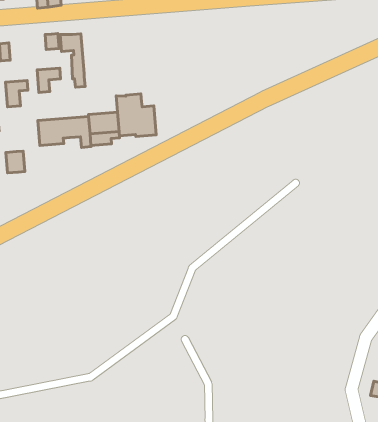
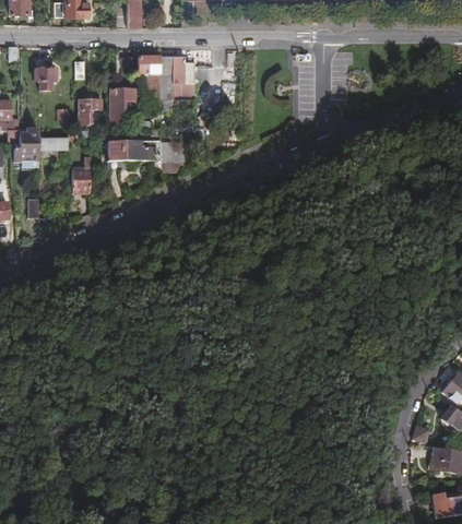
building: [116,94,156,137] -> [157,55,194,97]

